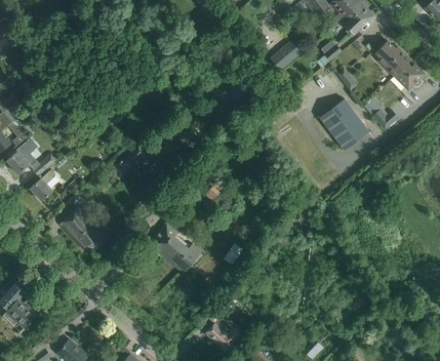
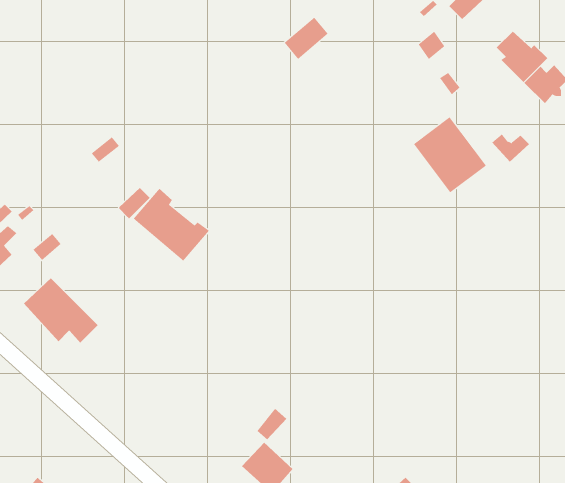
building: [271,41,301,70] -> [284,17,328,60]
building: [149,223,200,272] -> [133,188,210,262]

